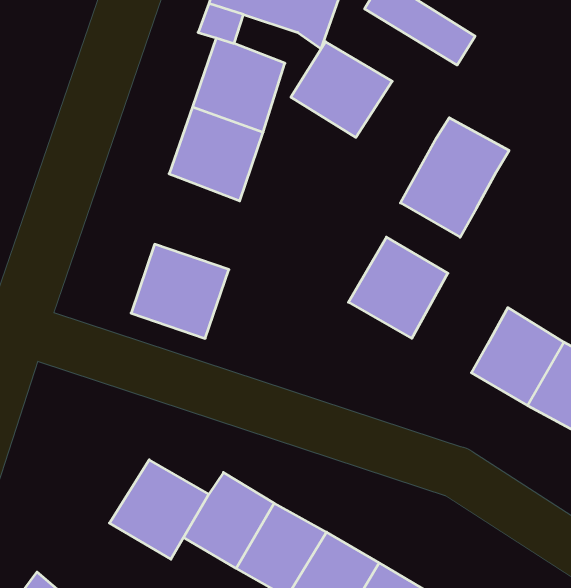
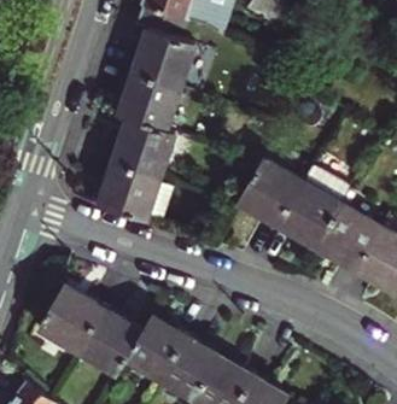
building: [291,42,392,137] -> none
building: [400,118,509,237] -> [280,170,352,250]
building: none -> [109,119,173,181]
building: none -> [40,285,105,350]

